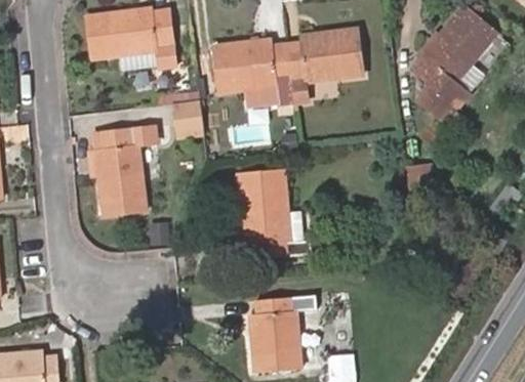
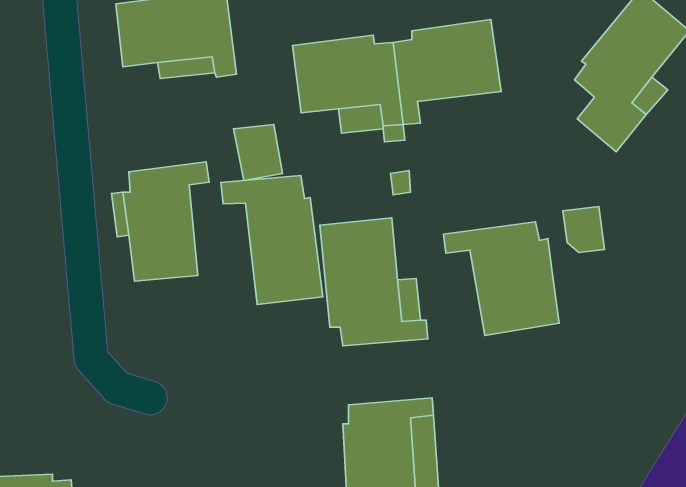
building: none -> [221,176,323,305]
building: none -> [444,222,559,335]

